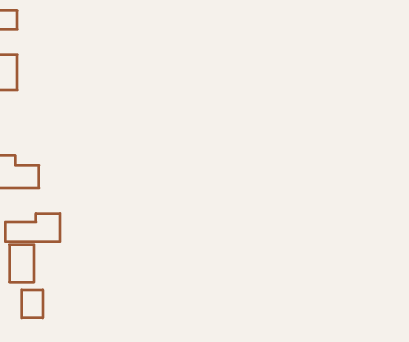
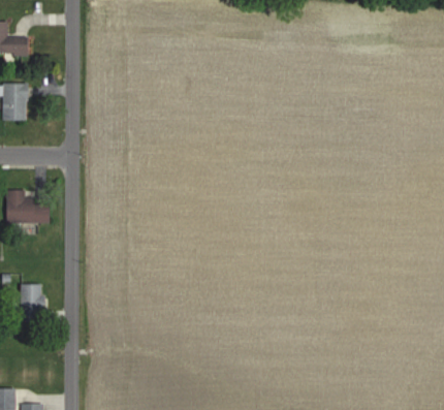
building: [5,213,60,242] -> none
building: [22,290,43,318] -> none

